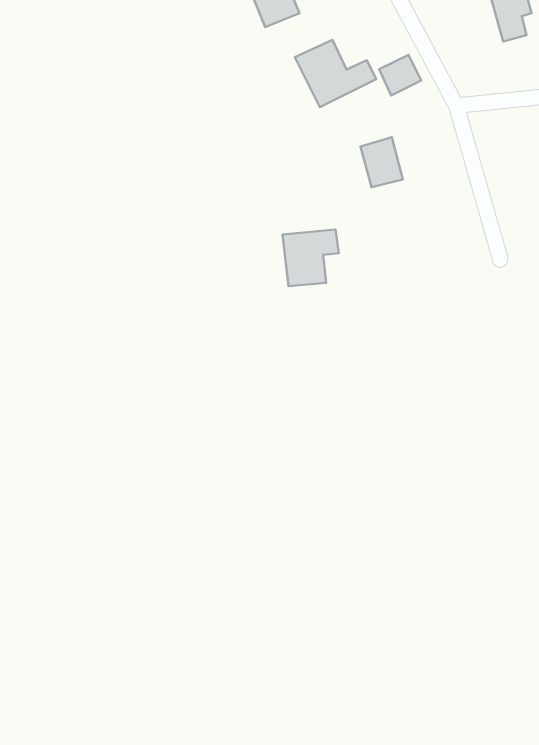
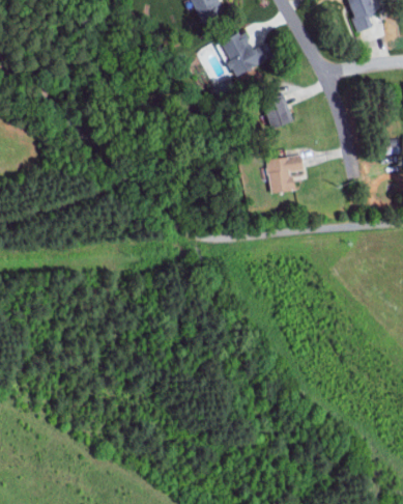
building: [379,55,421,95] -> none
building: [282,230,339,286] -> [266,155,304,192]

